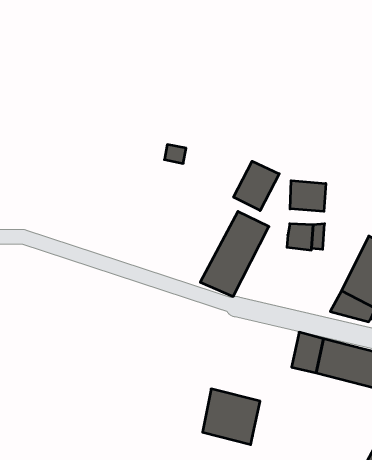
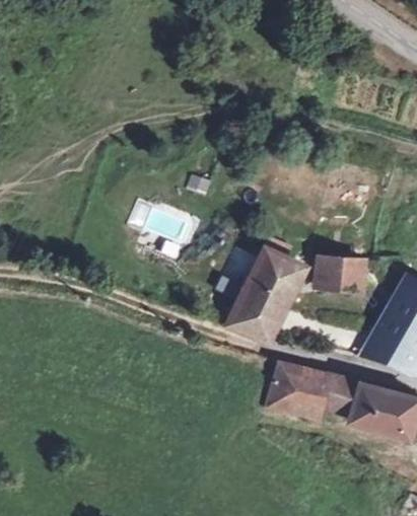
building: [234,161,279,211] -> none
building: [290,181,326,211] -> none
building: [203,389,260,445] -> [269,362,331,422]

